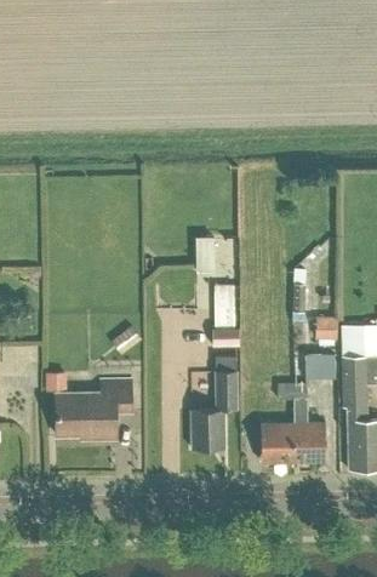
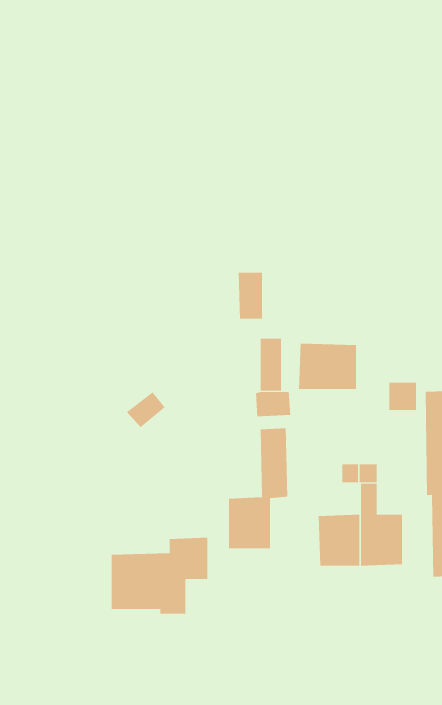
building: none -> [299,343,356,390]
building: [307,353,338,378] -> none
building: [56,381,131,440] -> [111,537,208,614]

